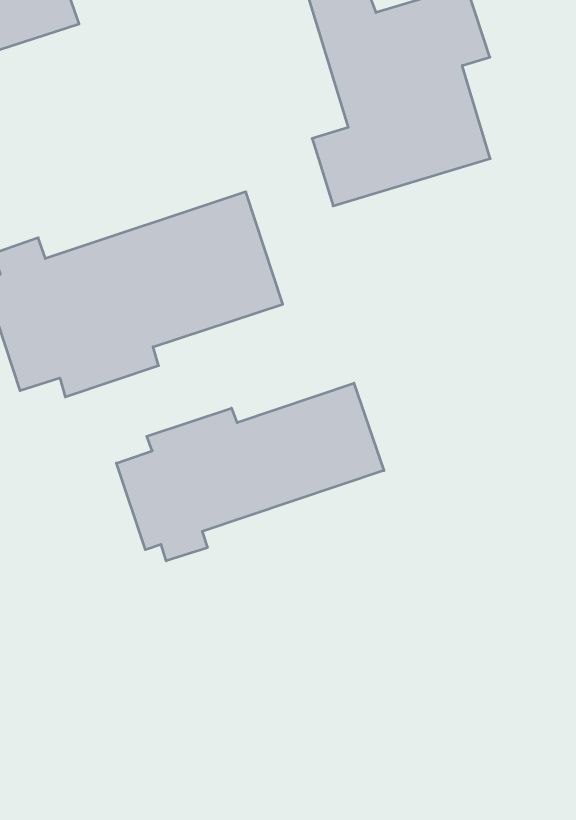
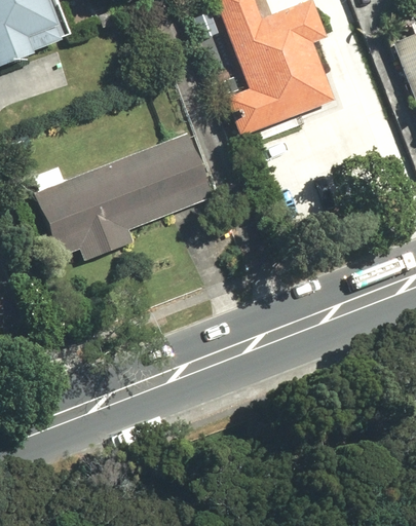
building: [116,383,384,561] -> none

